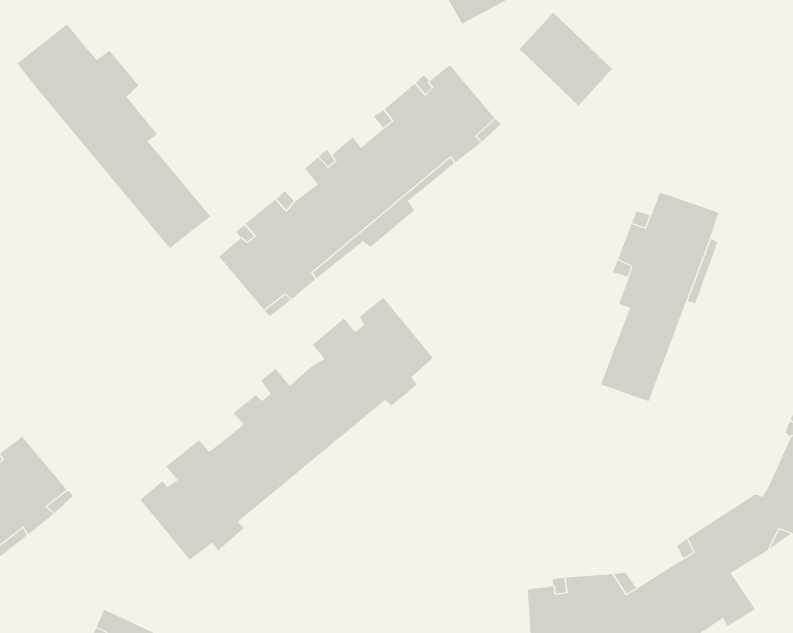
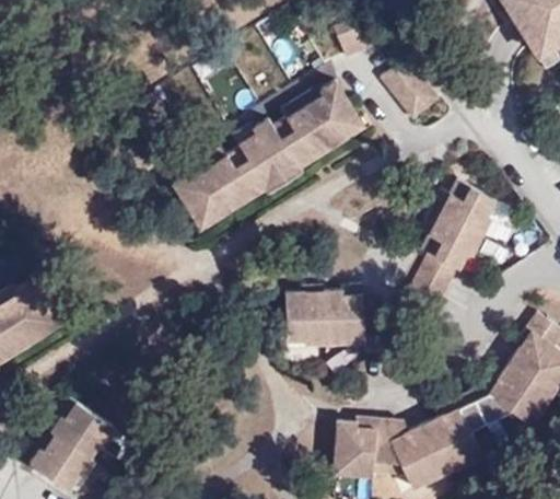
building: [16,23,211,249] -> none
building: [140,297,434,560] -> none
building: none -> [284,286,398,355]

